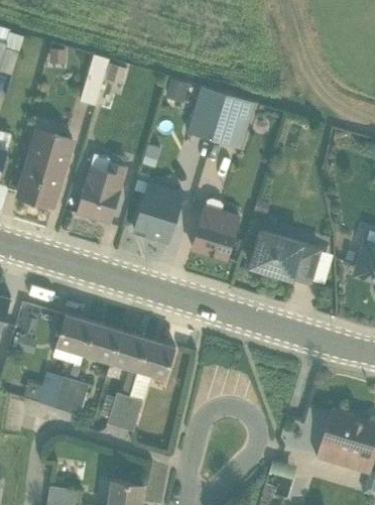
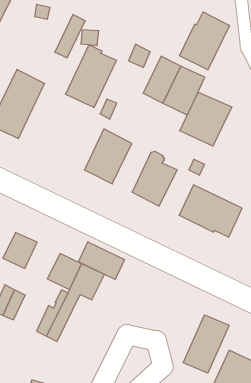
building: none -> [180,12,230,70]
building: none -> [180,92,232,146]
building: [76,153,128,224] -> [65,45,117,107]
building: none -> [79,242,124,280]
building: [83,322,120,362] -> none
building: none -> [183,315,229,373]

